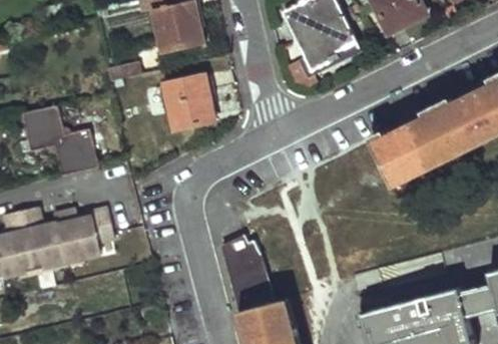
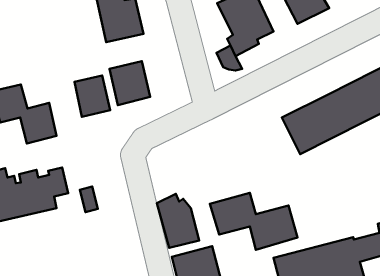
building: none -> [75,76,110,117]
building: none -> [210,193,297,250]

